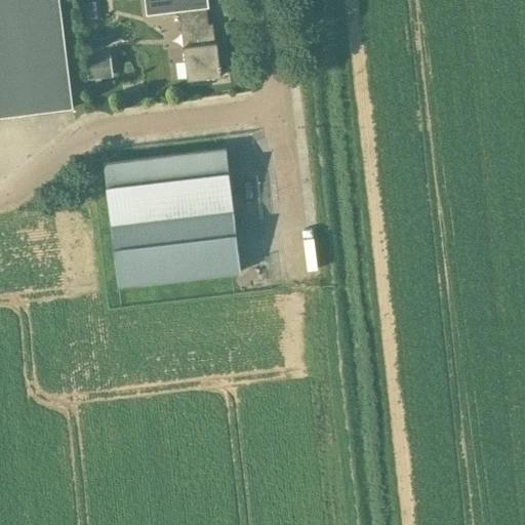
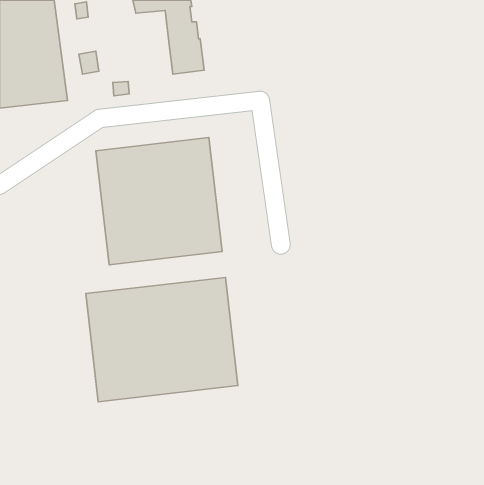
building: none -> [86,277,238,402]

